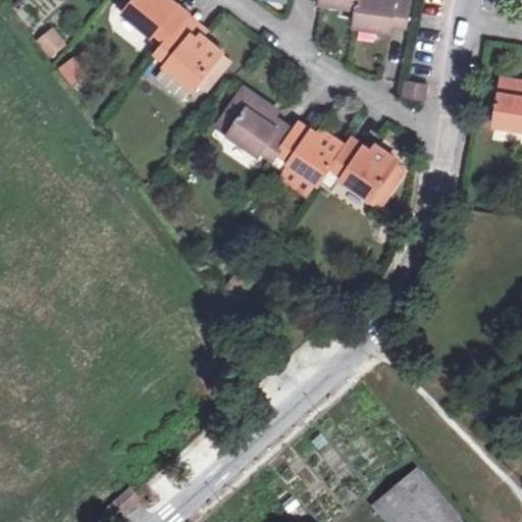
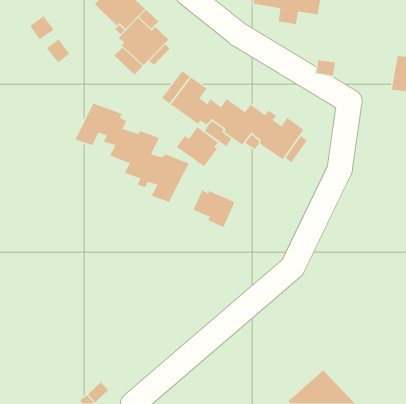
building: none -> [74,102,190,203]
building: none -> [176,126,219,167]
building: none -> [193,189,235,228]

